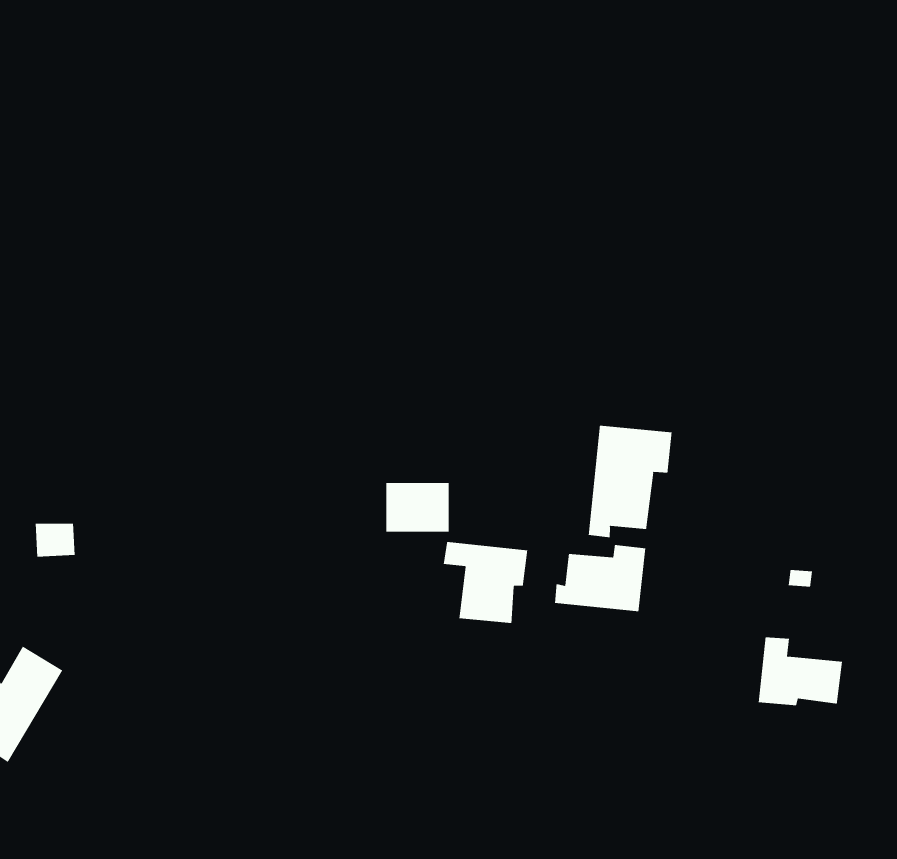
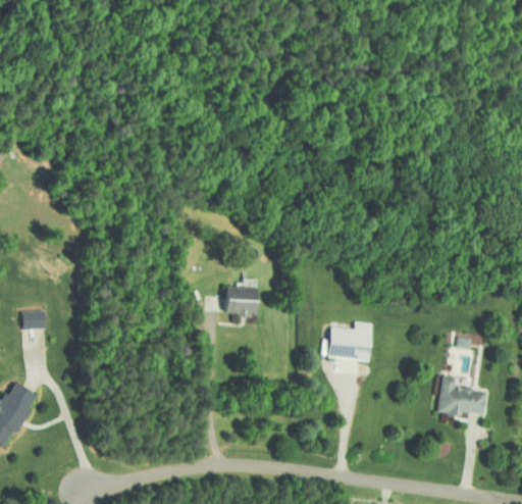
building: [588,425,672,538] -> none
building: [443,541,528,624] -> none

